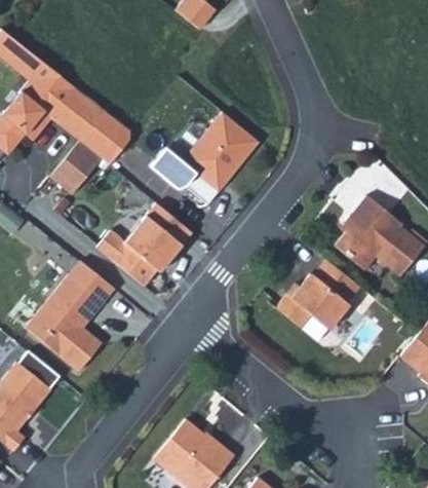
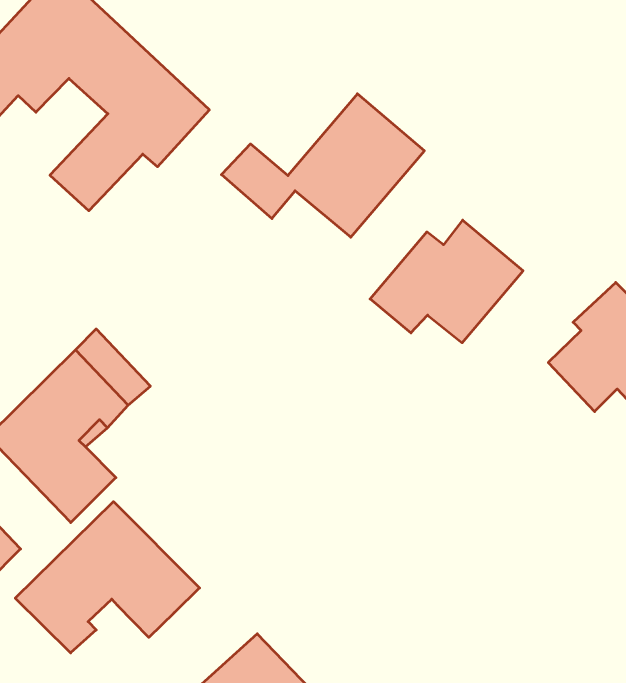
building: [90,198,185,286] -> none
building: [272,257,357,327] -> [370,220,523,343]
building: none -> [15,502,200,653]

